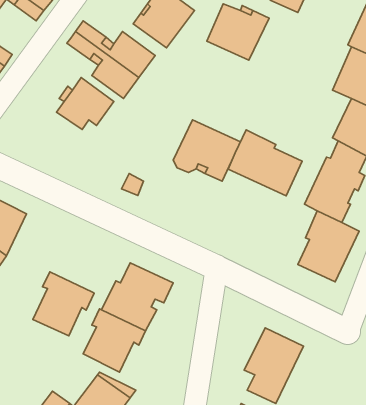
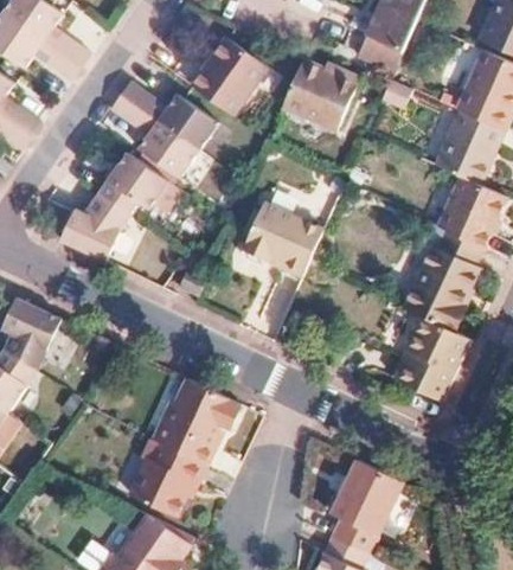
building: none -> [58,194,128,261]
building: [228,130,302,196] -> none
building: [33,272,94,336] -> none

